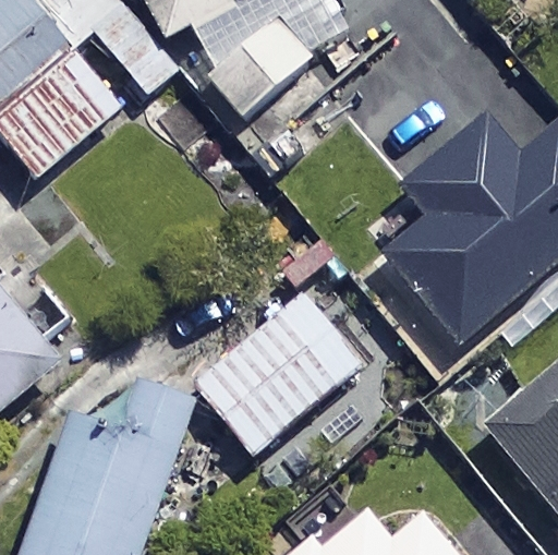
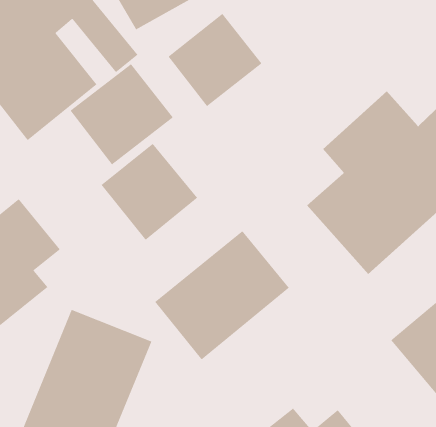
building: none -> [70,63,174,166]
building: none -> [101,143,198,241]

